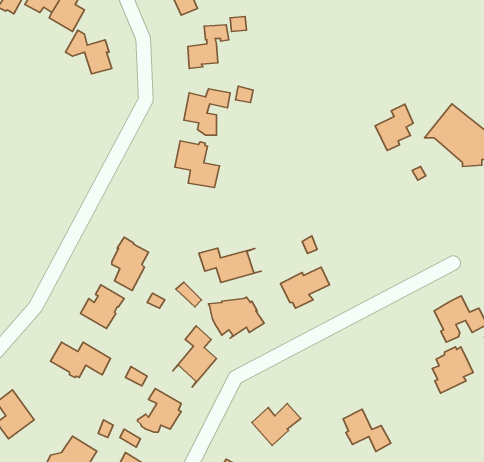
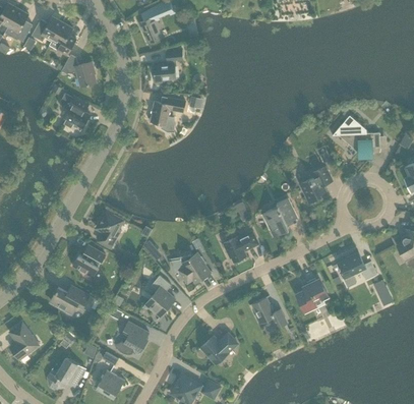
building: none -> [58,93,88,128]
building: [375,104,413,150] -> [299,168,328,203]
building: [175,141,220,188] -> none
building: none -> [264,198,296,236]
building: [199,248,261,283] -> none
building: [432,347,473,393] -> [297,278,328,312]
building: [343,409,391,451] -> [251,297,287,329]

